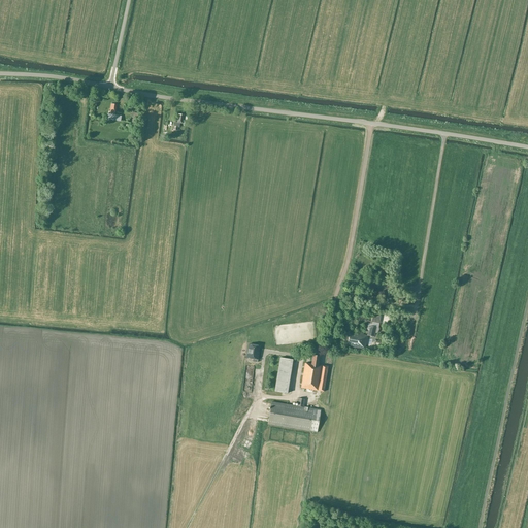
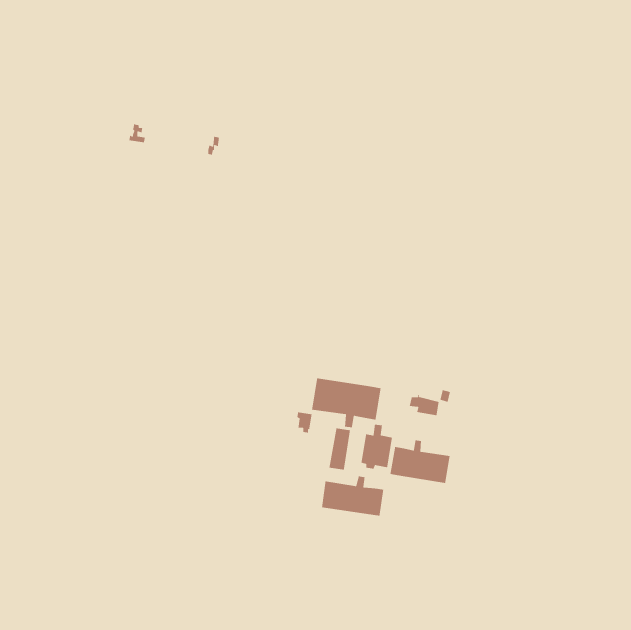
building: none -> [311,377,381,428]
building: none -> [390,439,451,484]

